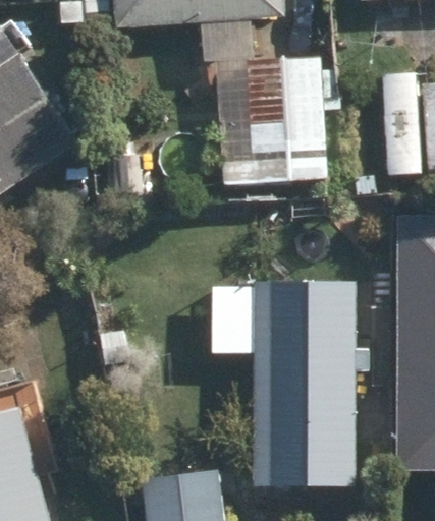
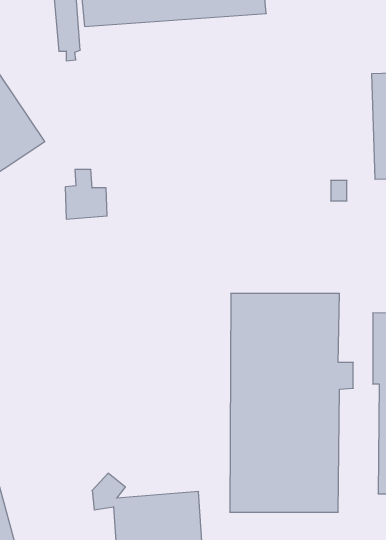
building: [216,57,329,183] -> none

